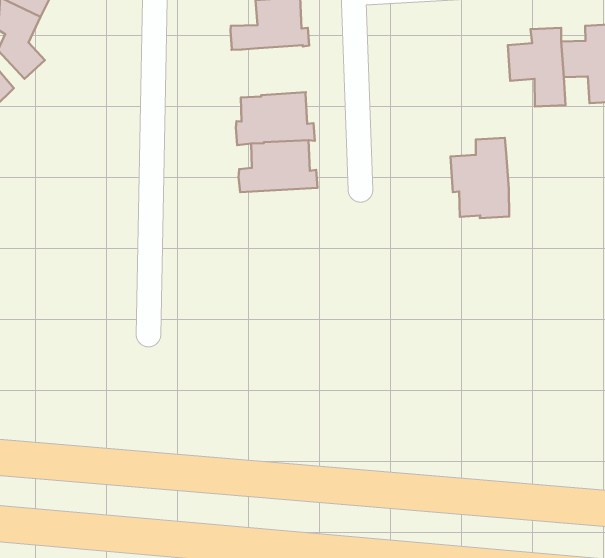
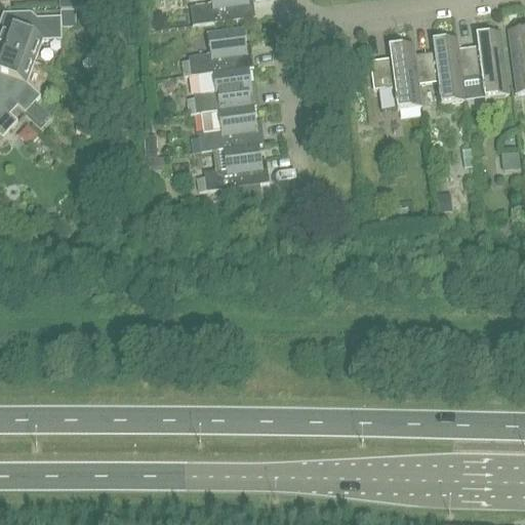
building: none -> [188,64,258,111]
building: [450,138,509,218] -> [369,39,420,106]

